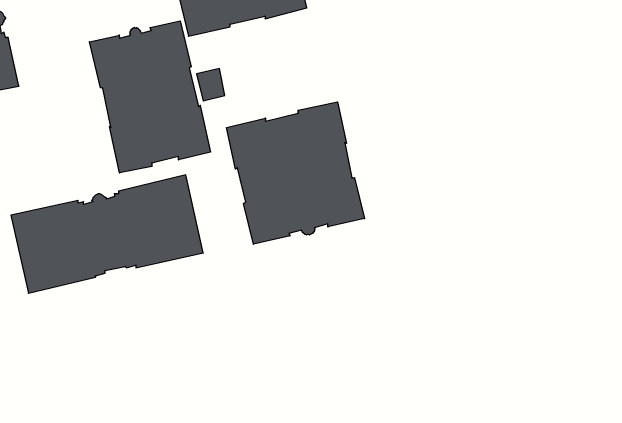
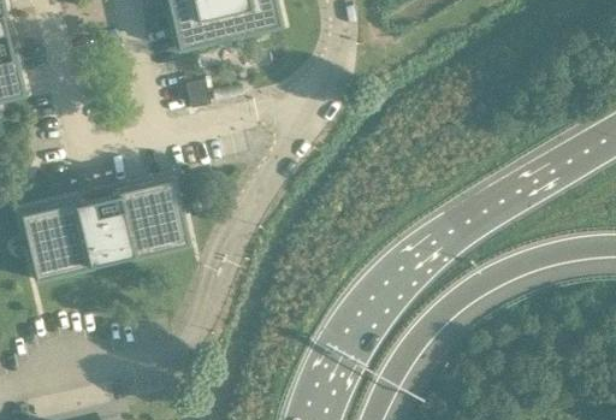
building: [89,21,210,173] -> none
building: [227,102,365,244] -> none

